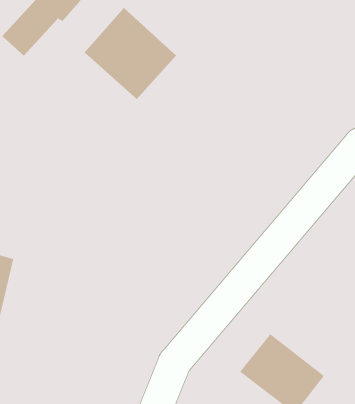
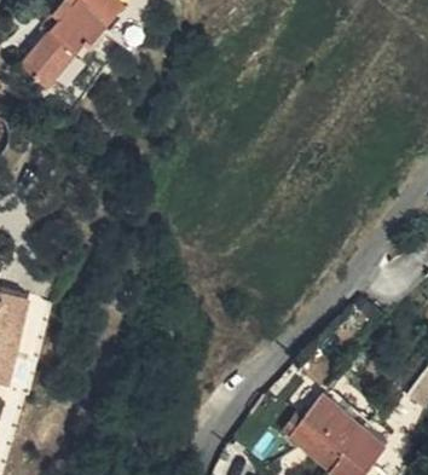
building: [84,7,177,100] -> none

